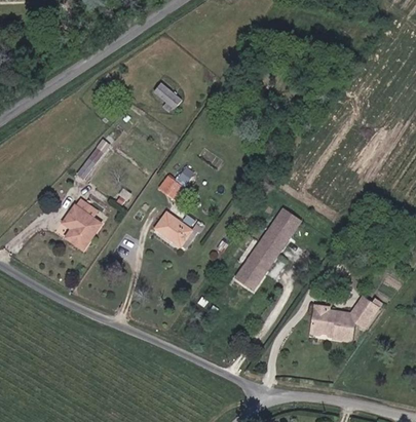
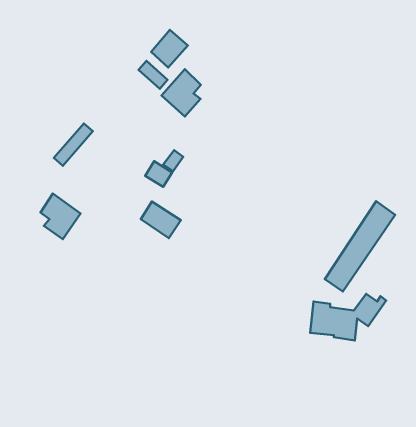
building: none -> [151,30,188,68]
building: none -> [162,69,201,116]
building: [238,205,303,289] -> [325,201,395,292]

